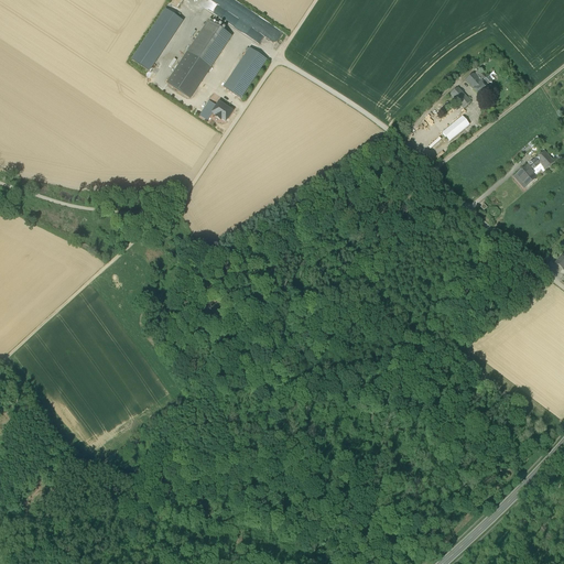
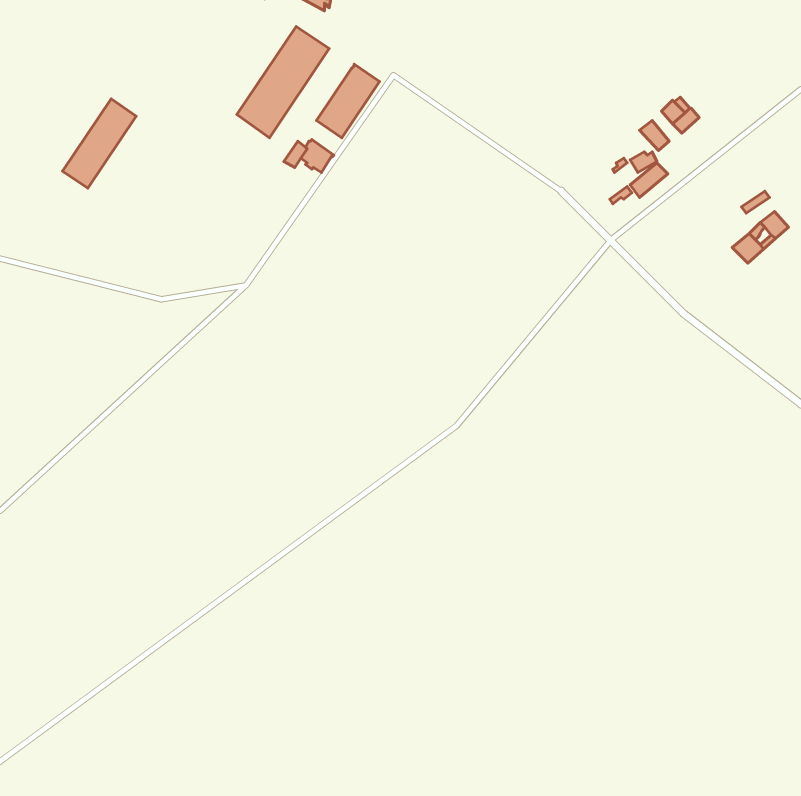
building: [131,7,183,69] -> [63,99,136,188]

